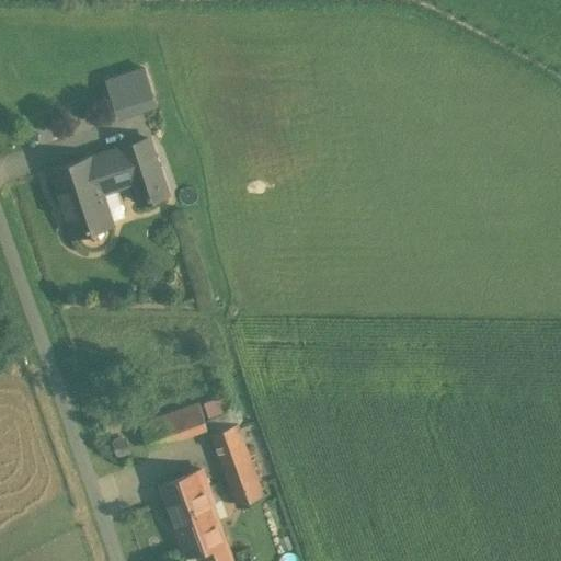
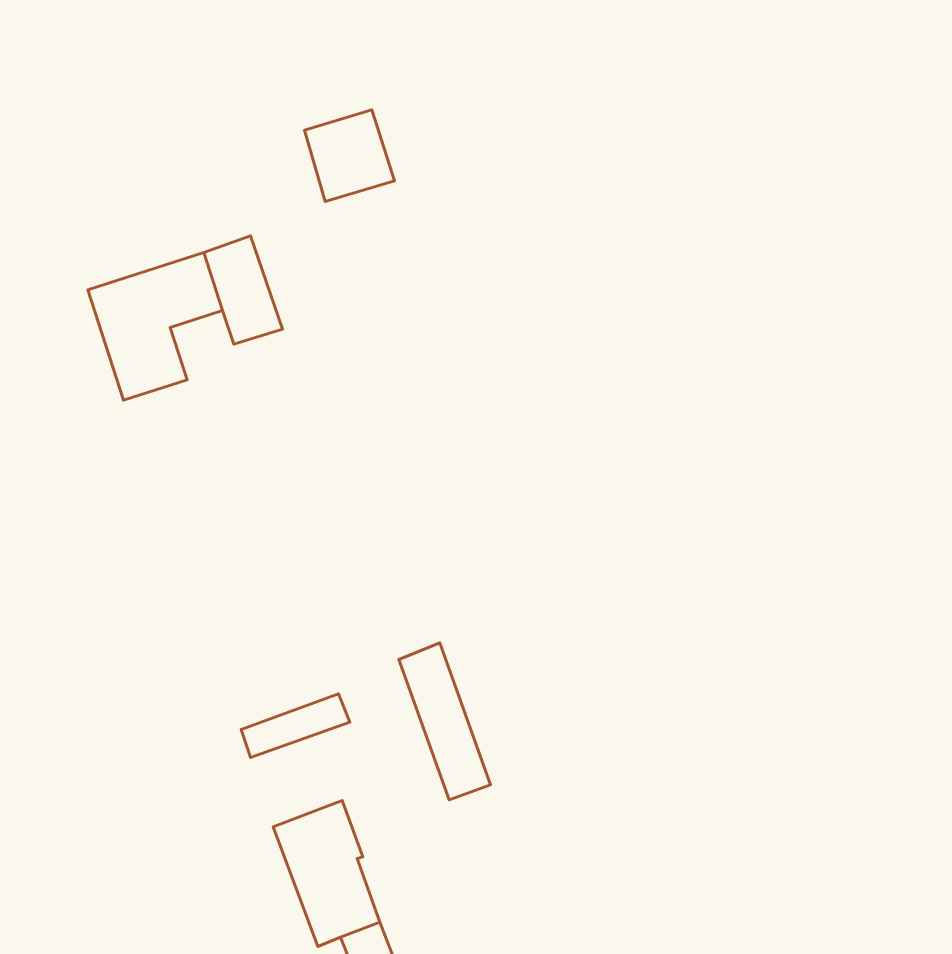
building: [107,65,160,118] -> [305,110,394,201]
building: [209,414,263,506] -> [399,643,490,800]

